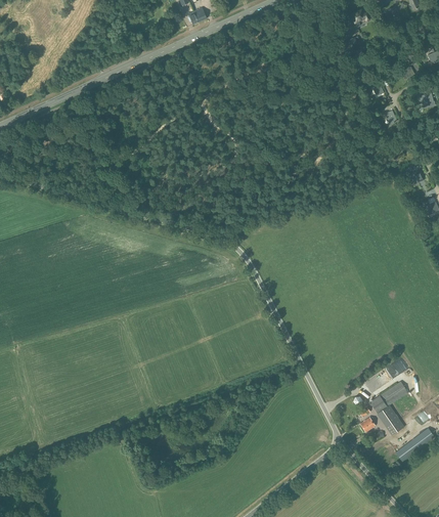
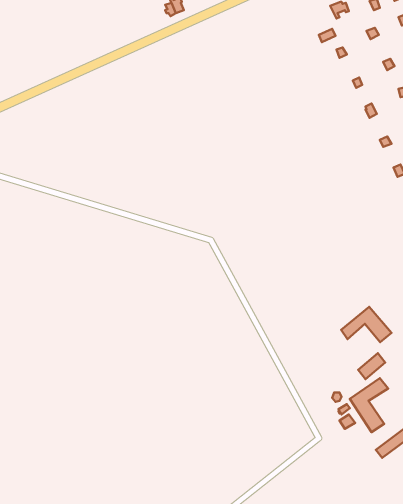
building: none -> [341,307,391,342]

